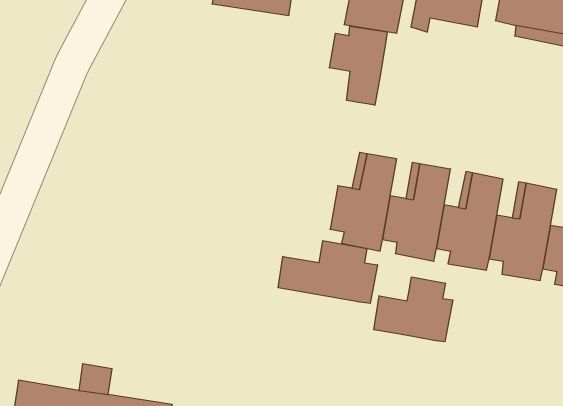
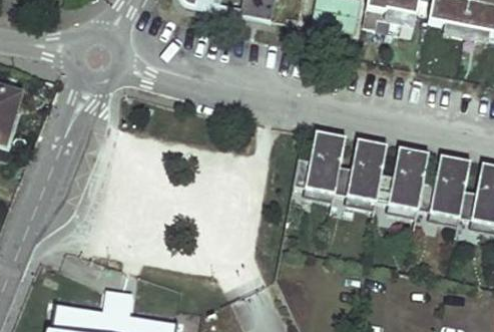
building: [329,26,387,105] -> none
building: [278,241,377,303] -> none
building: [374,277,453,342] -> none

